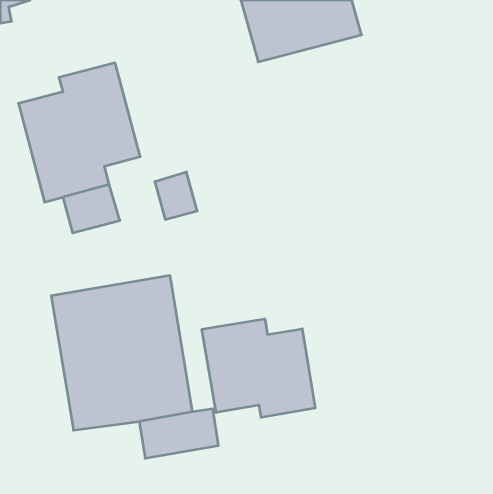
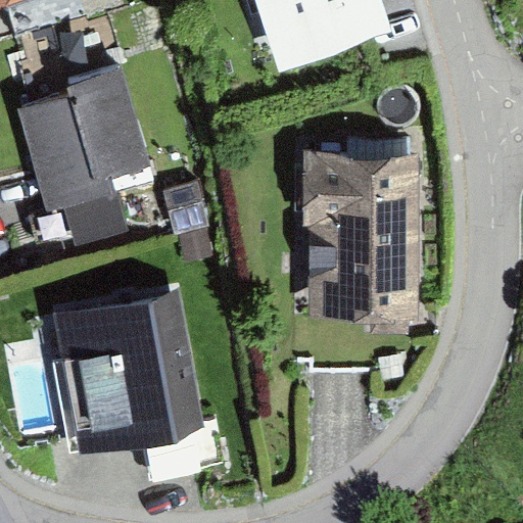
building: none -> [303,150,415,321]
building: [202,319,315,417] -> none

